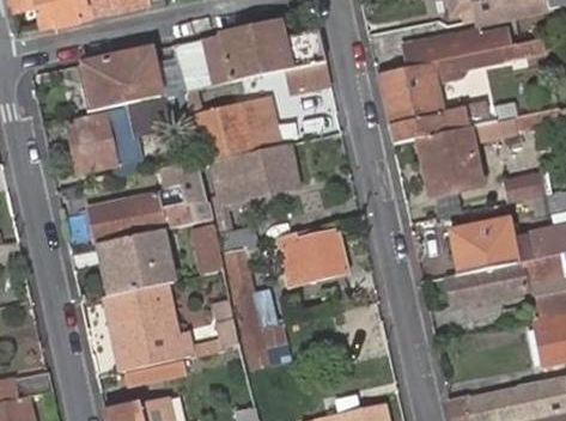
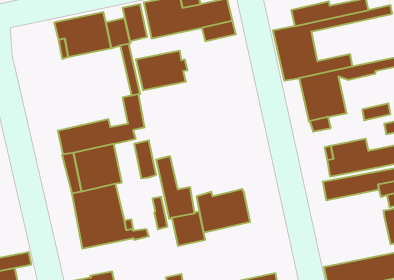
building: [68,111,139,175] -> none
building: [213,142,297,248] -> none
building: [275,227,348,286] -> [197,189,250,232]

